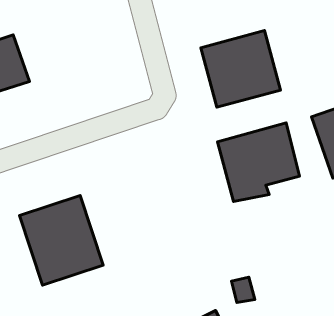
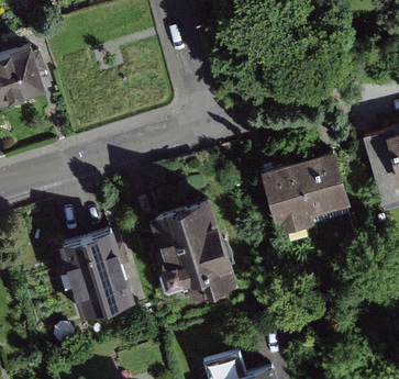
building: [201,31,281,107] -> none
building: none -> [130,201,221,301]

